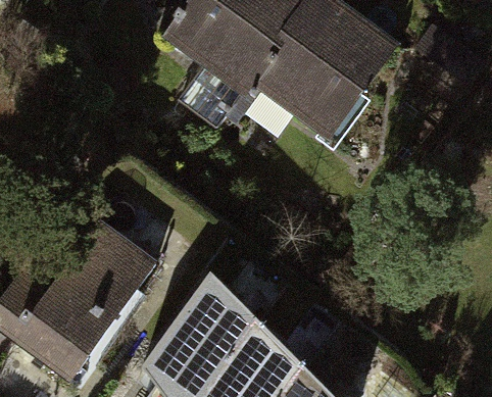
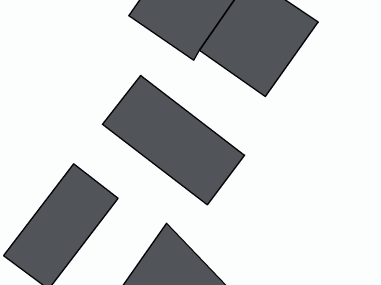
building: none -> [102,75,245,205]

